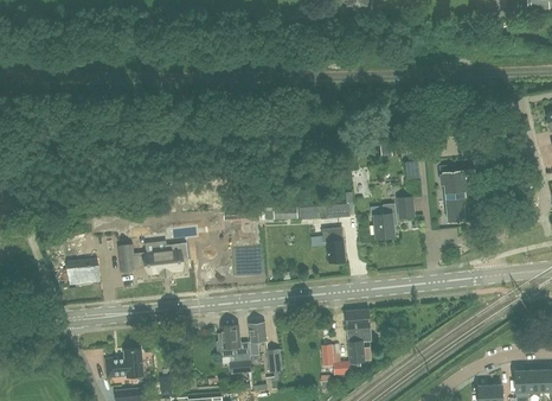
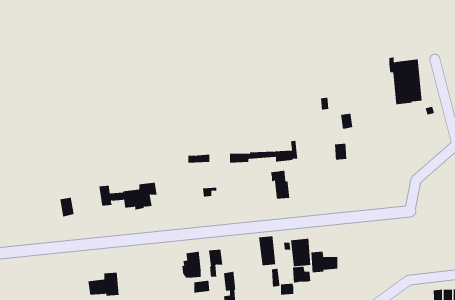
building: [438,165,479,222] -> [389,57,423,105]
building: [370,204,394,238] -> none
building: none -> [258,235,276,266]
building: none -> [311,251,338,273]

